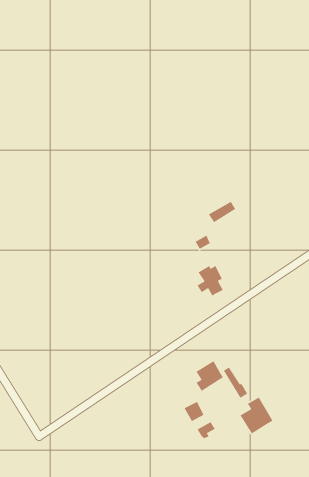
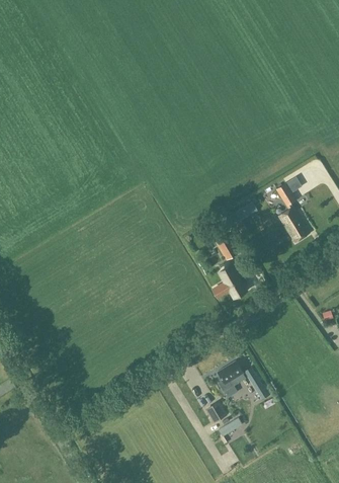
building: none -> [276,182,310,242]
building: [240,397,273,435] -> none

